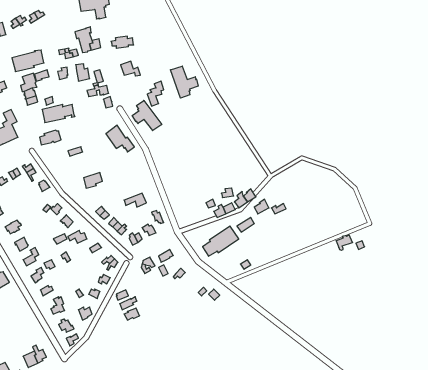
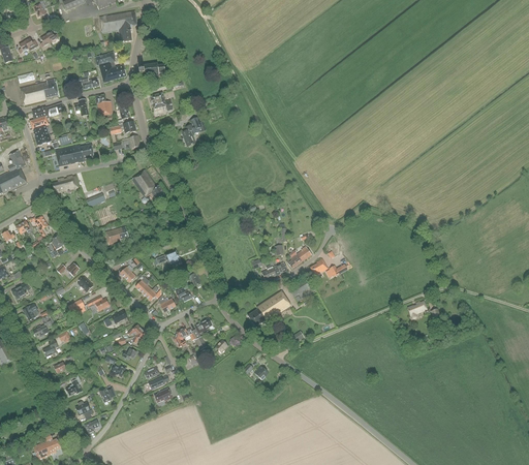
building: [170,66,198,98] -> none
building: [132,100,162,131] -> none

